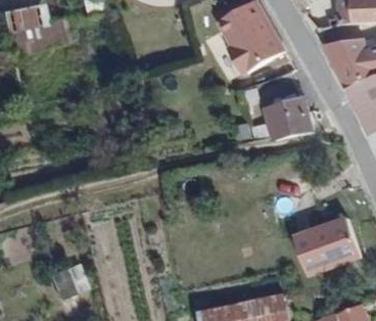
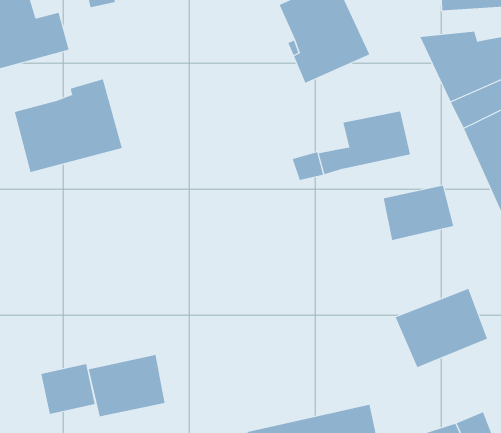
building: none -> [14,79,122,173]
building: none -> [383,185,454,241]
building: none -> [88,354,165,417]

